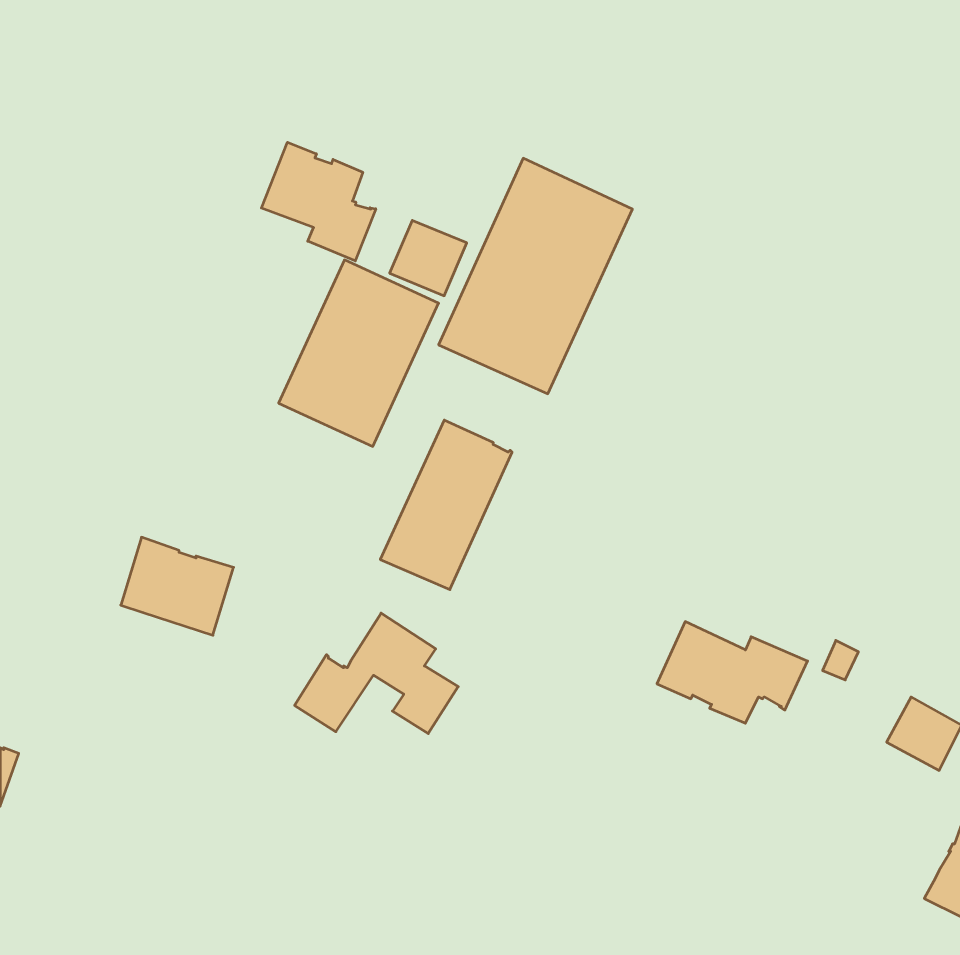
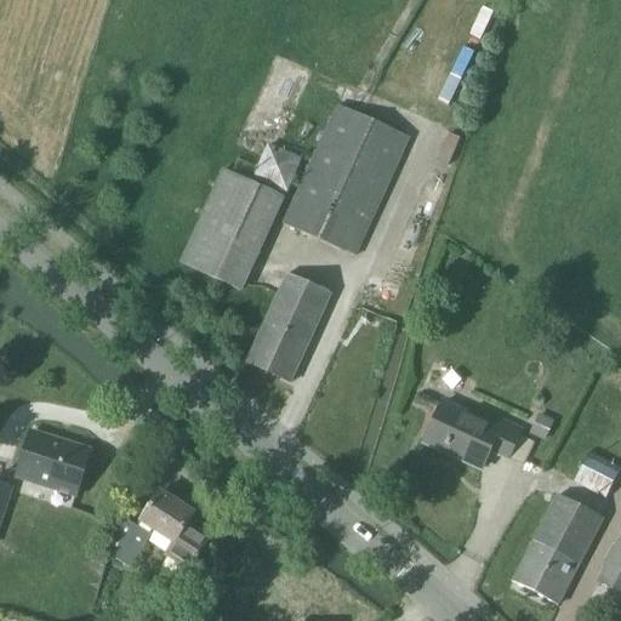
building: [261,142,376,261] -> none
building: [121,537,234,635] -> [17,429,90,492]
building: [295,613,458,734] -> [103,489,209,566]
building: none -> [512,492,603,603]

